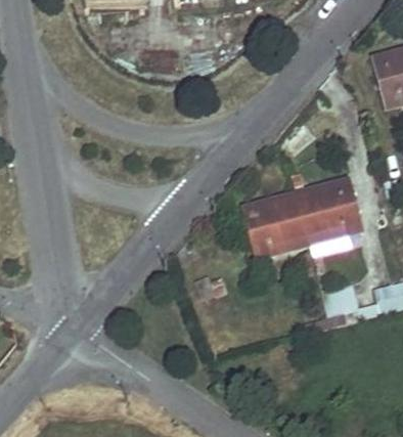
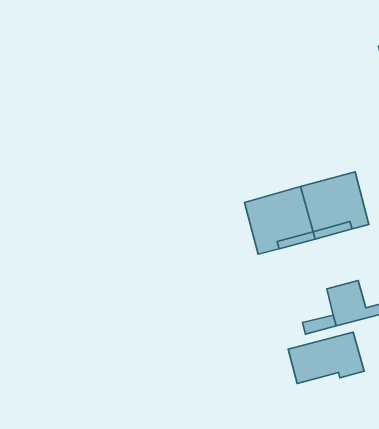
building: none -> [288,332,364,384]

